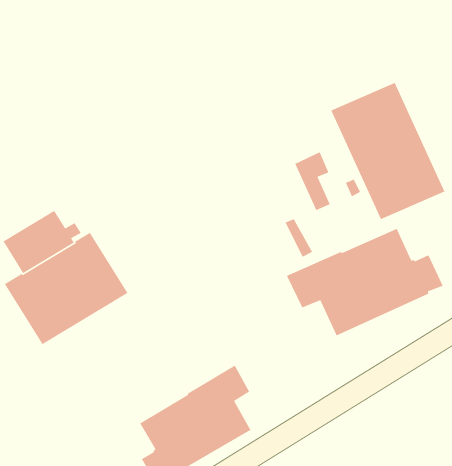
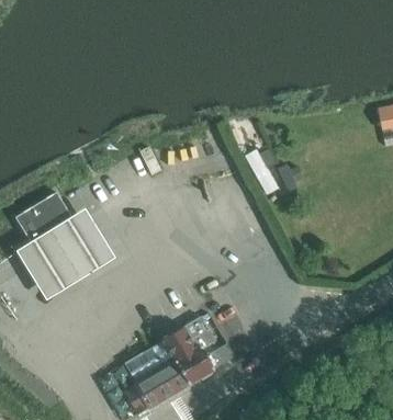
building: [330,82,446,220] -> none
building: [286,228,444,336] -> none

